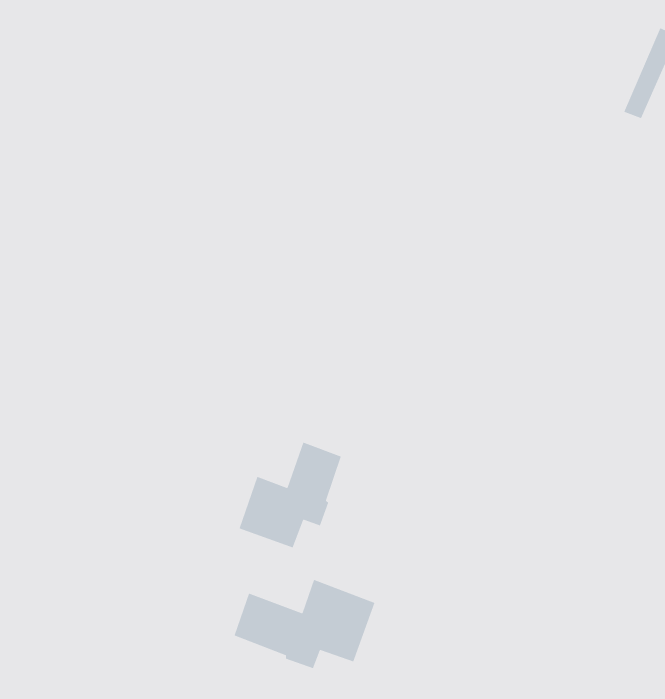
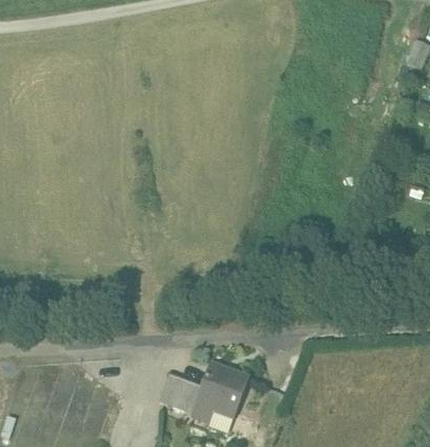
building: [239,441,342,549] -> none

